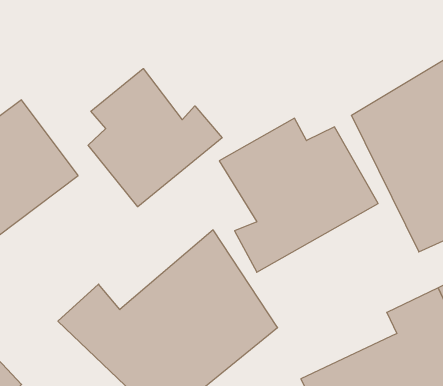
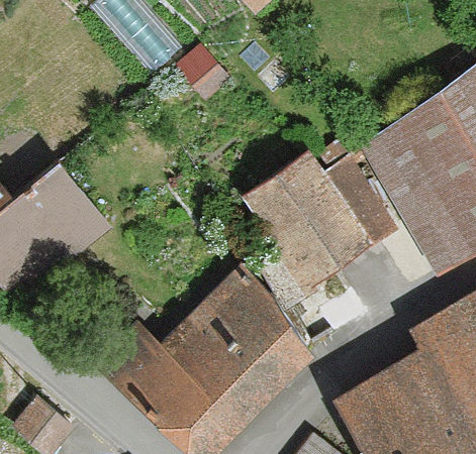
building: [88,69,222,207] -> none

